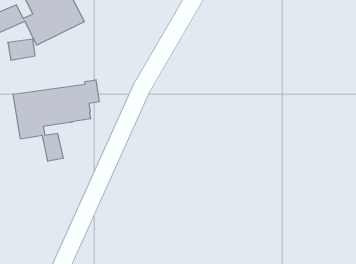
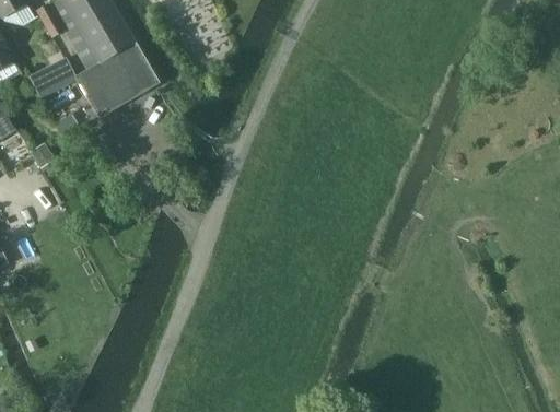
building: [13,80,99,161] -> none

